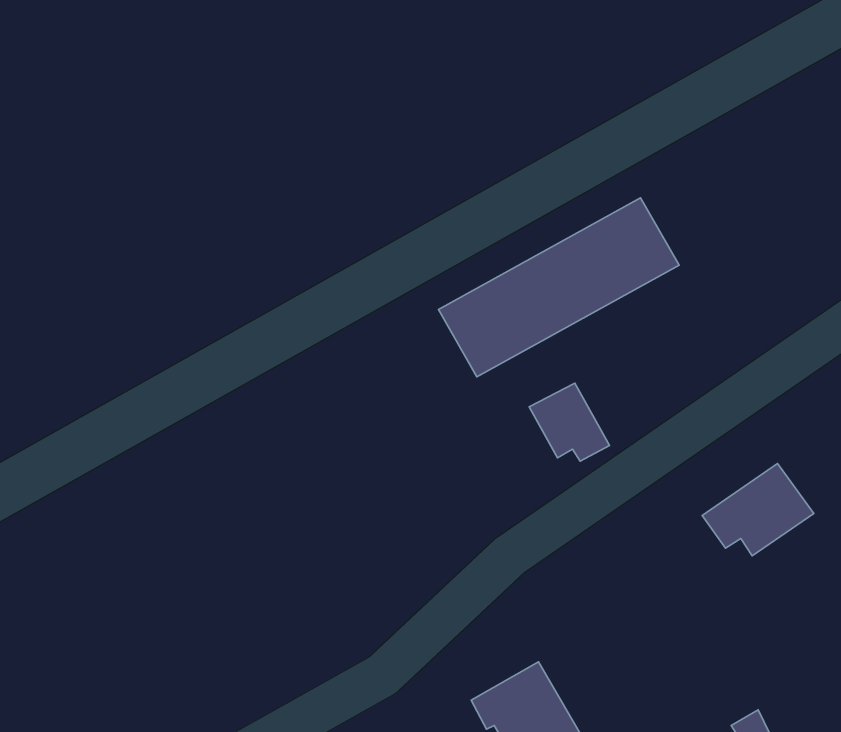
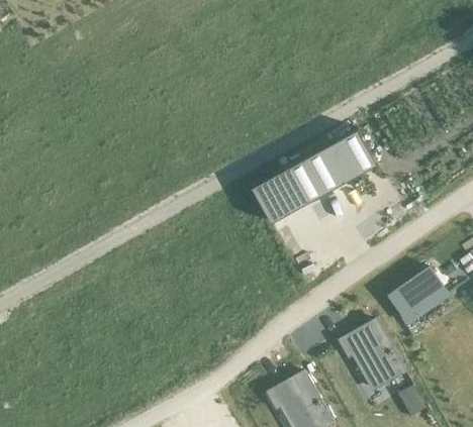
building: [529,383,609,461] -> none
building: none -> [340,320,404,390]

